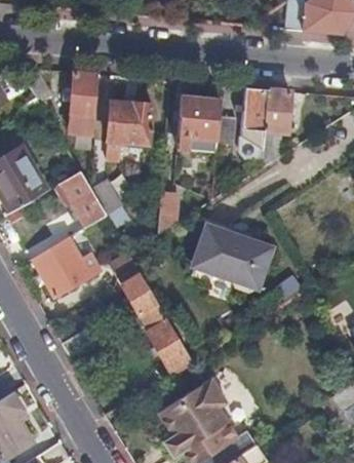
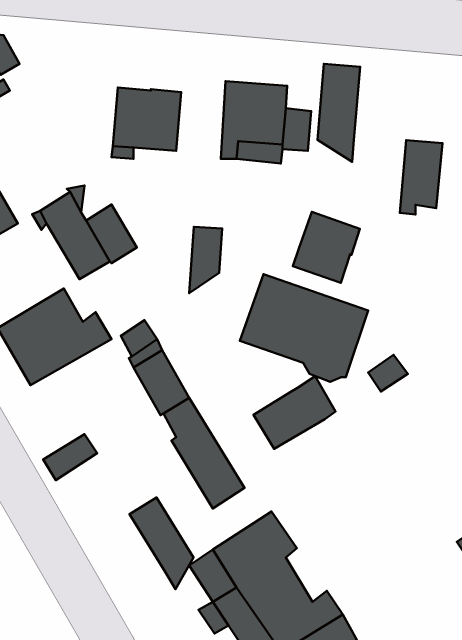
building: [70,72,96,136] -> none
building: [264,89,291,138] -> [400,140,442,214]
building: none -> [293,212,360,283]
building: none -> [253,376,335,449]
building: none -> [129,497,193,589]

